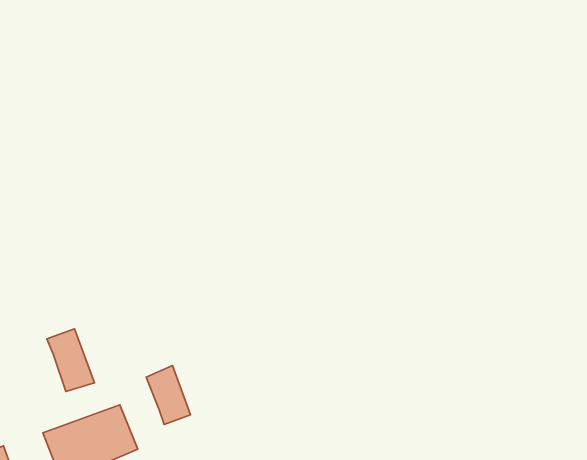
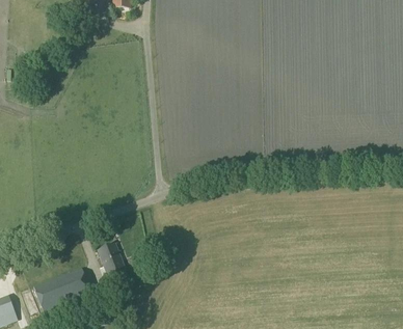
building: [47,329,95,391] -> none

